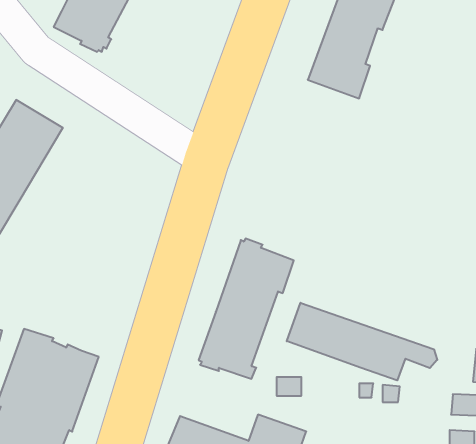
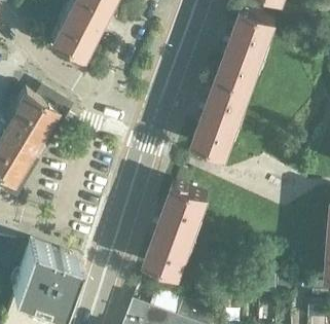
building: none -> [192,77,251,156]
building: [287,303,437,380] -> none

